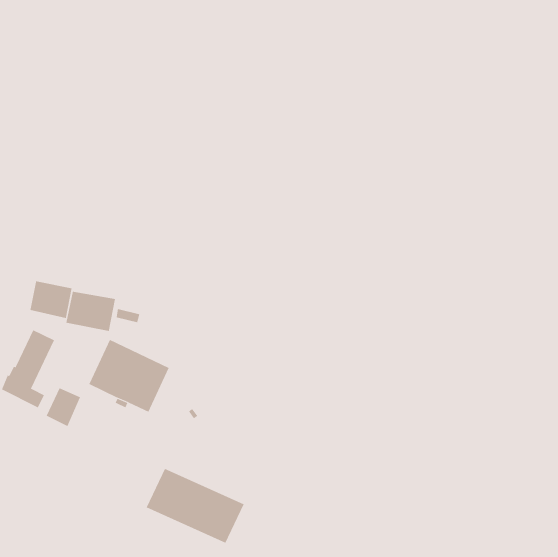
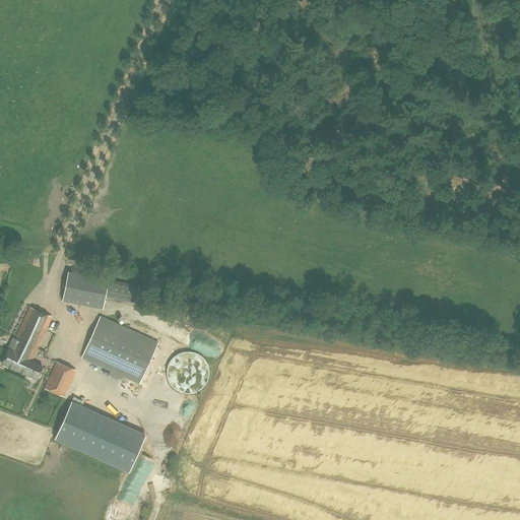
building: [30,281,72,319] -> none
building: [146,468,244,544] -> [53,400,144,470]

